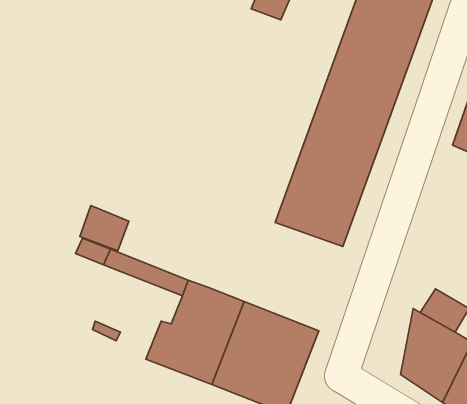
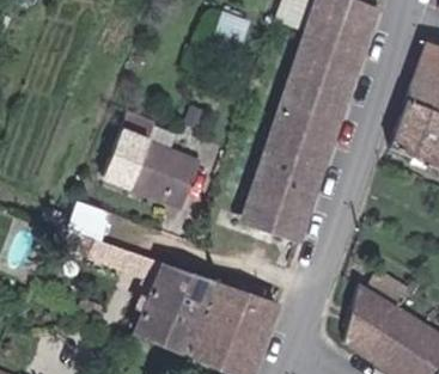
building: none -> [105,114,202,209]

